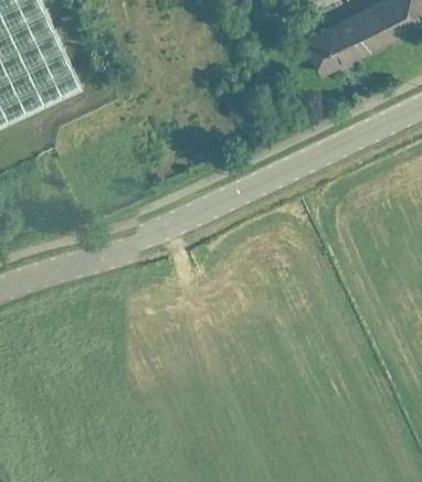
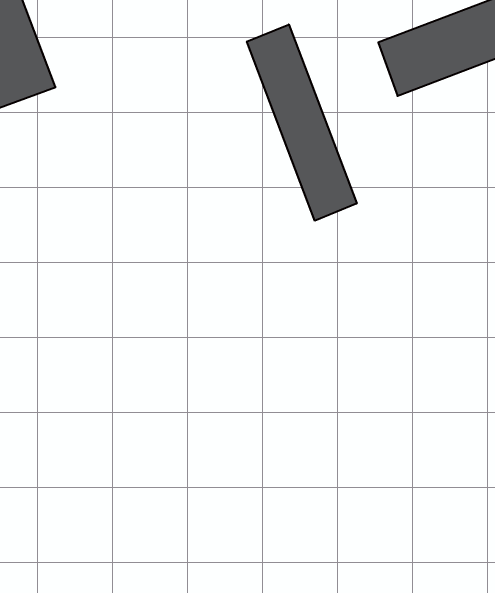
building: none -> [247,24,357,221]

